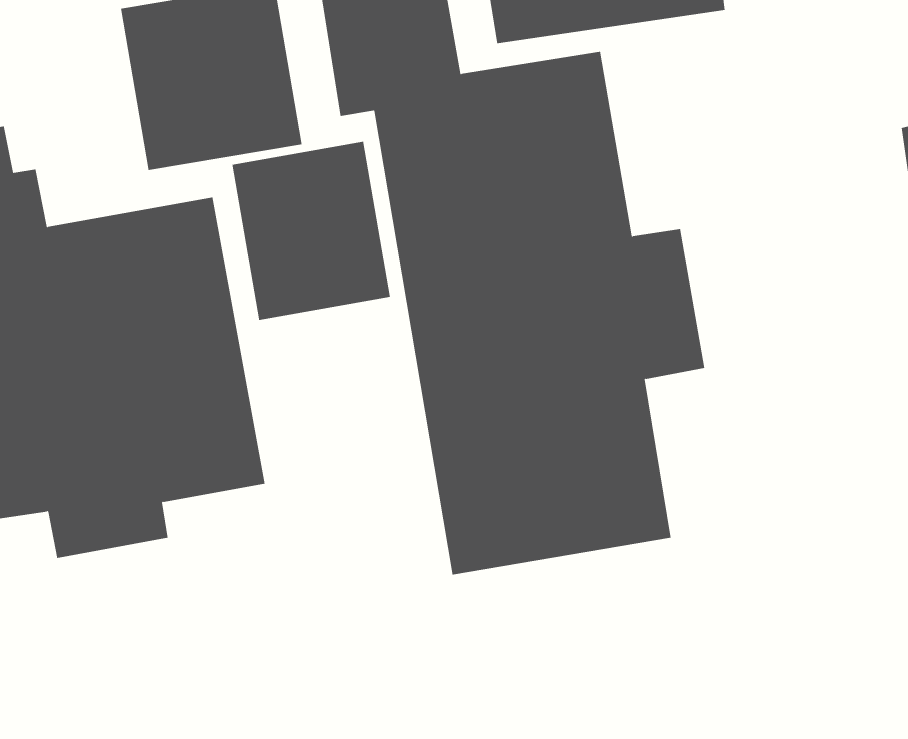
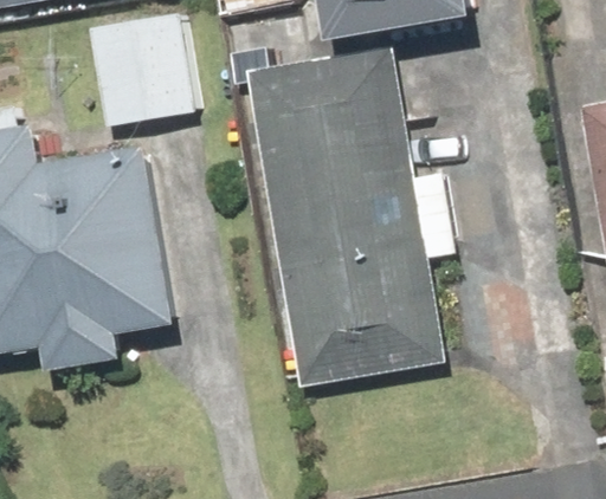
building: [232,141,390,321] -> none

